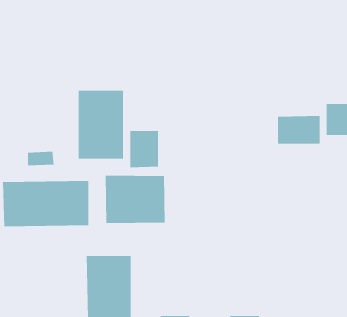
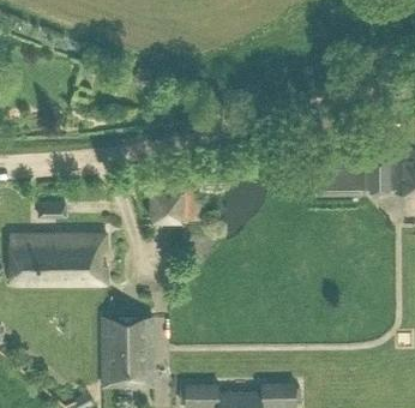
building: [78,90,124,160] -> none
building: [105,175,165,224] -> none

